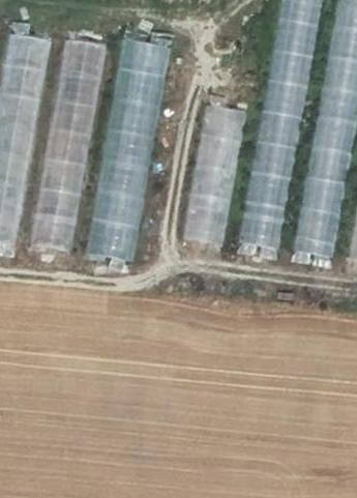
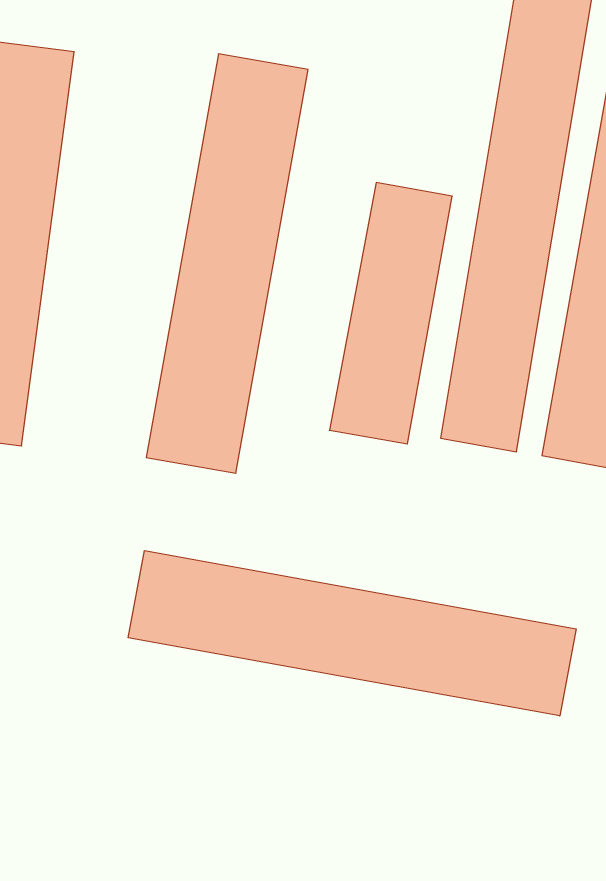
building: [34,34,102,259] -> none
building: none -> [128,551,576,716]

